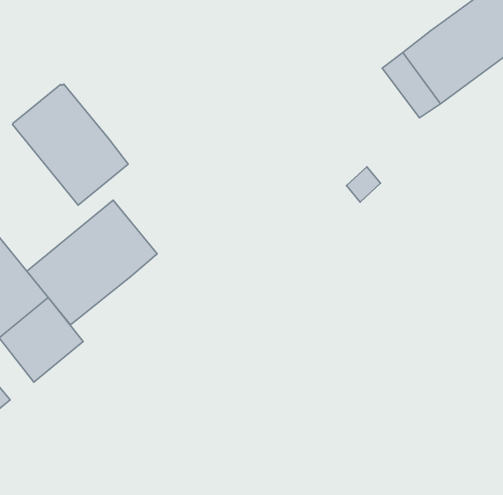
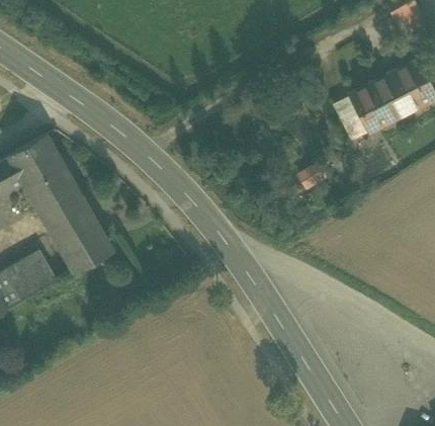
building: [13,84,128,205] -> none
building: [27,200,157,325] -> none

